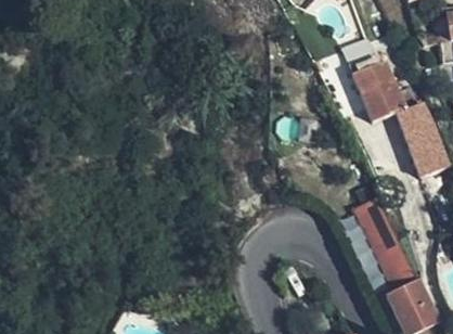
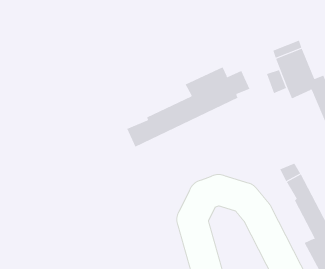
building: none -> [126,66,250,147]

